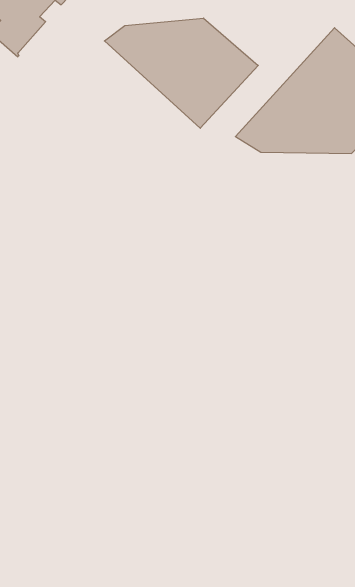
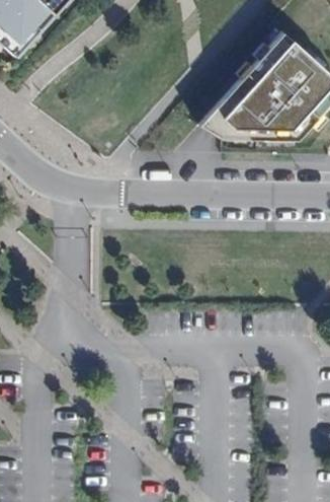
building: [104,18,258,128] -> none

